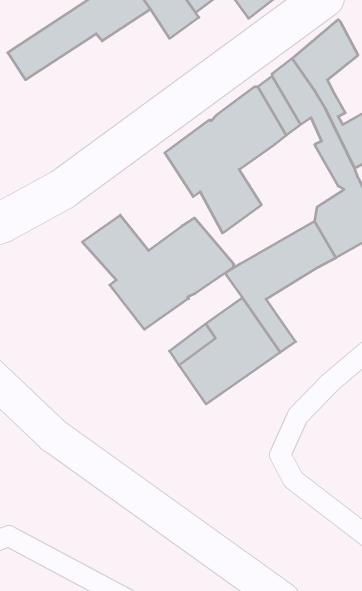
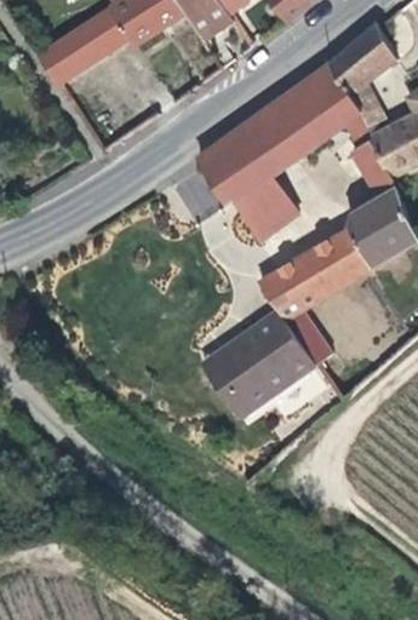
building: [82,215,234,329] -> none

